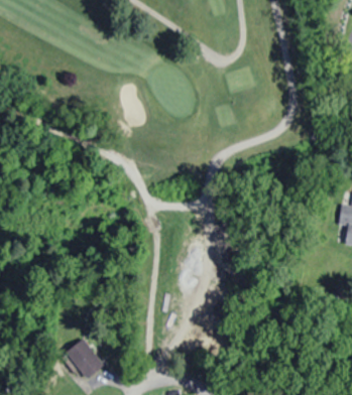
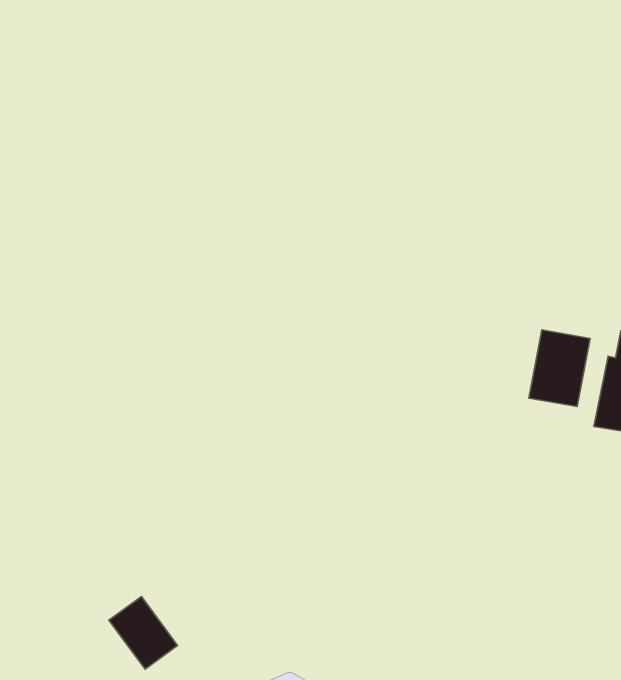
building: none -> [529,330,590,407]

